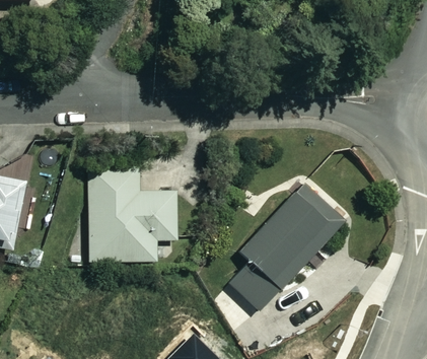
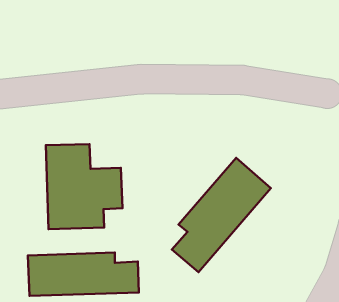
building: none -> [28,252,139,296]

